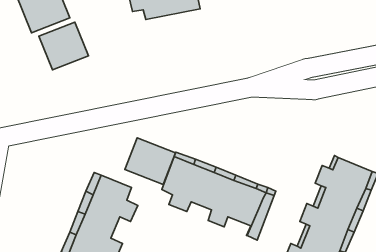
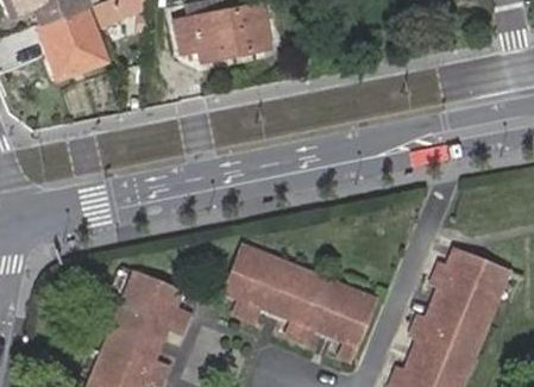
building: [39,22,88,70] -> none
building: [125,138,176,185] -> none

